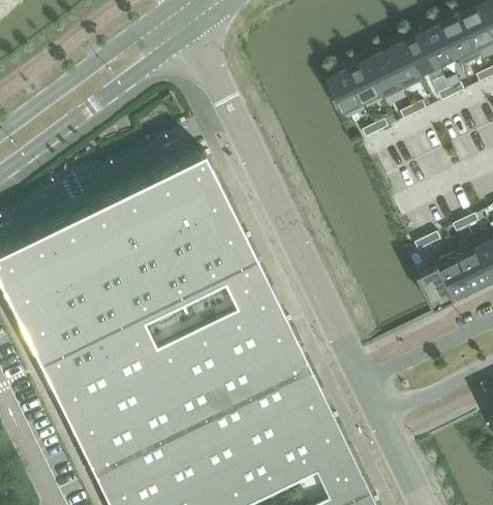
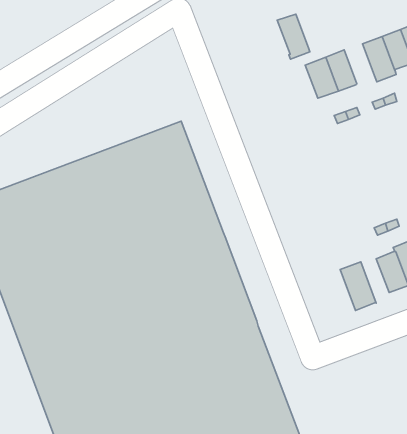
building: [367,54,404,101] -> [277,14,310,59]
building: none -> [340,262,376,311]

